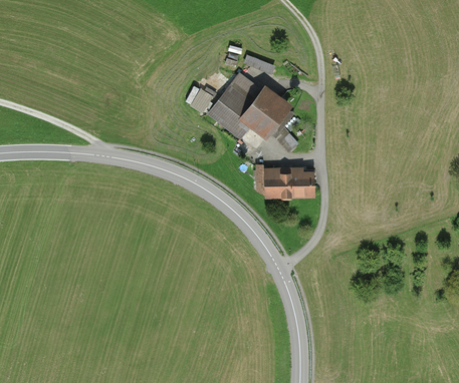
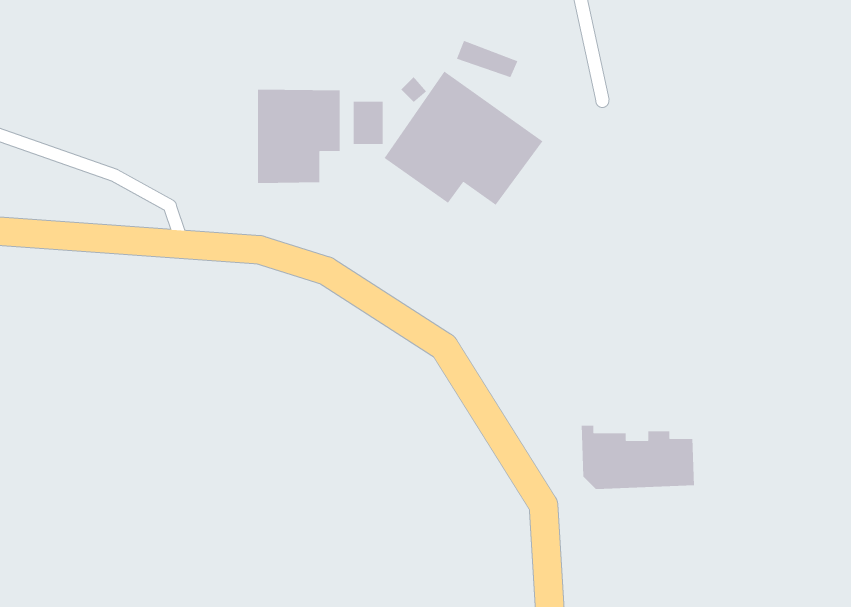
building: none -> [257,89,341,184]
building: [256,164,316,199] -> [581,425,695,490]

